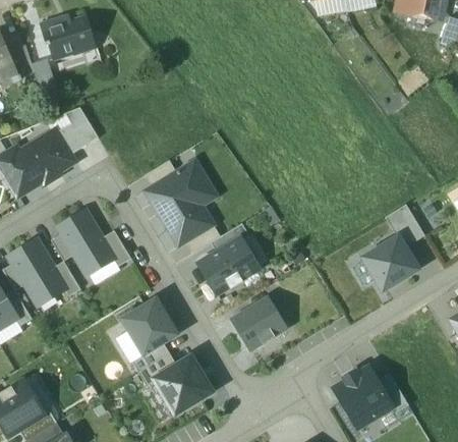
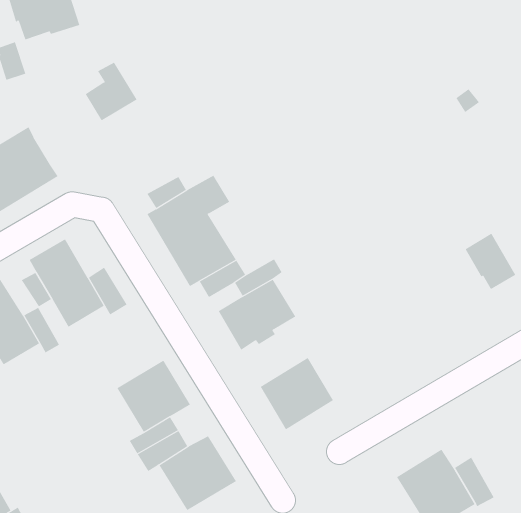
building: [60,107,100,152] -> [85,62,138,121]
building: [363,236,417,289] -> none

